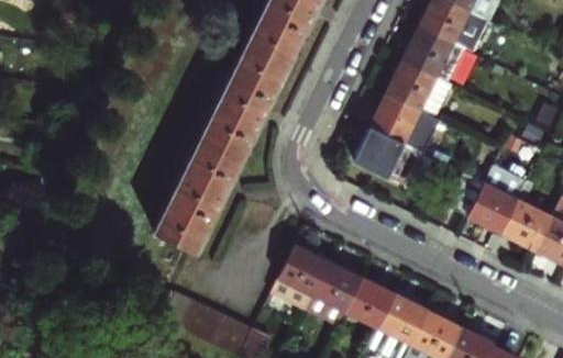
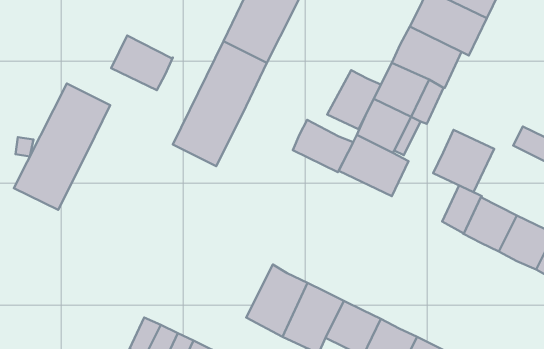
building: none -> [111,35,173,90]
building: none -> [327,70,381,129]
building: none -> [293,120,353,172]
building: none -> [433,130,494,192]
building: [155,134,243,249] -> [14,84,110,210]

